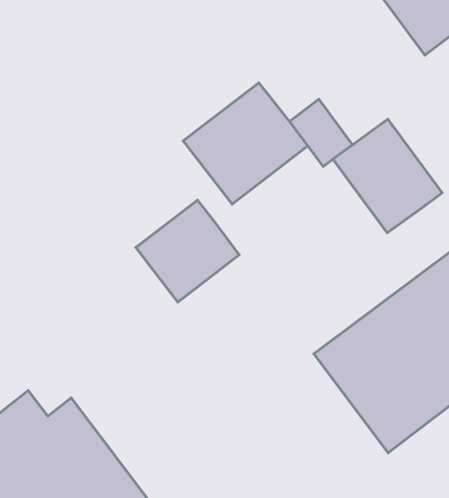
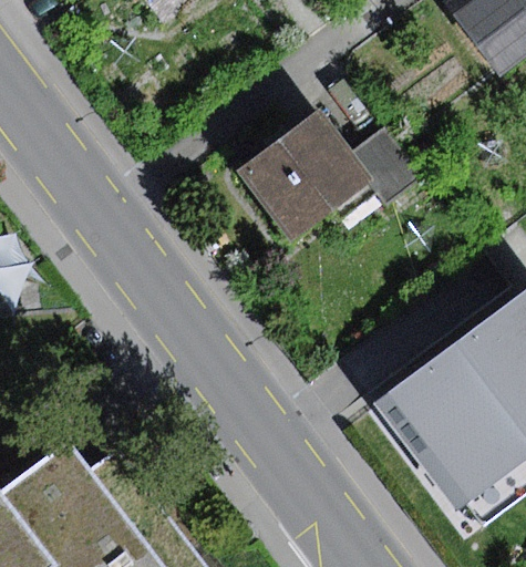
building: [333,119,442,233] -> none
building: [136,200,239,302] -> none

